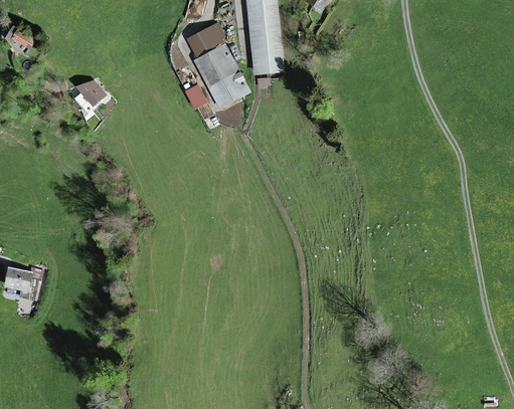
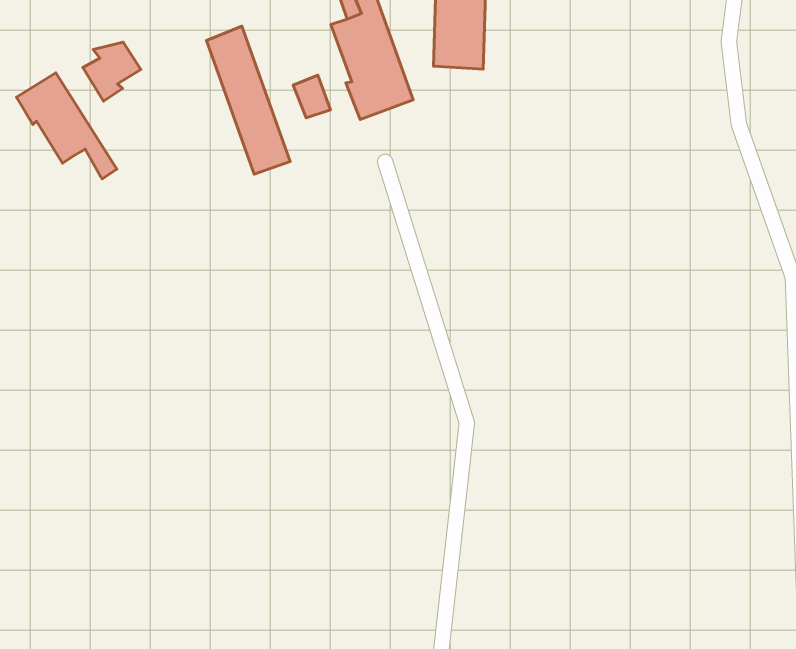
building: none -> [206,26,290,174]
building: none -> [16,73,117,179]

